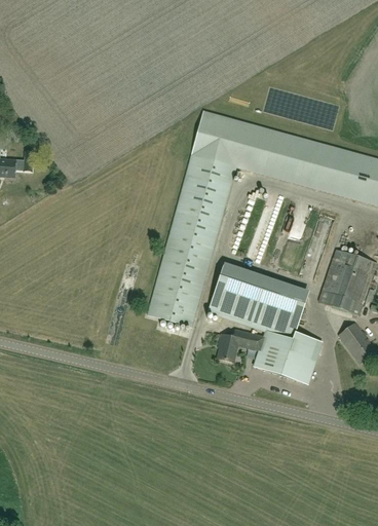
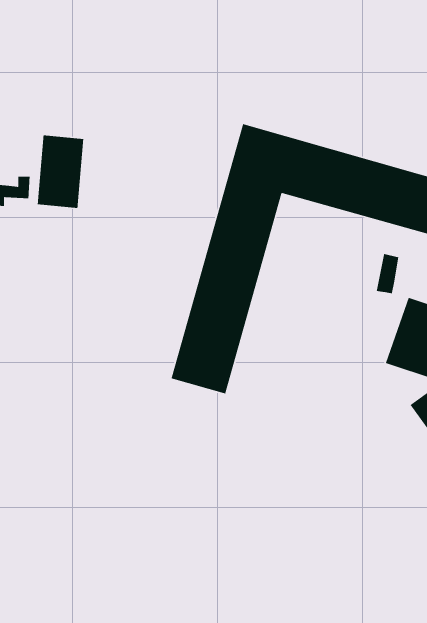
building: none -> [37,134,84,209]
building: [207,262,322,384] -> none

